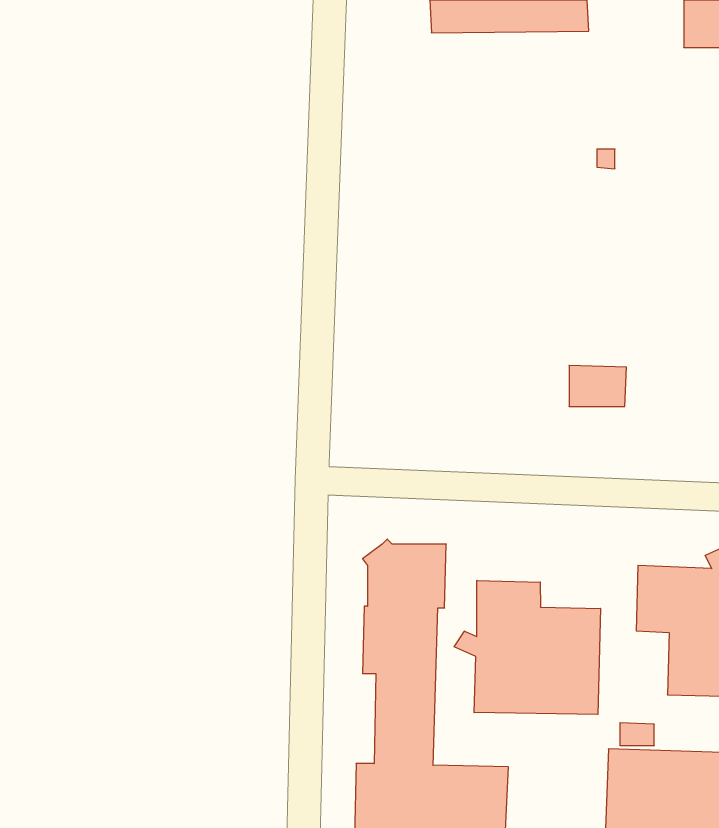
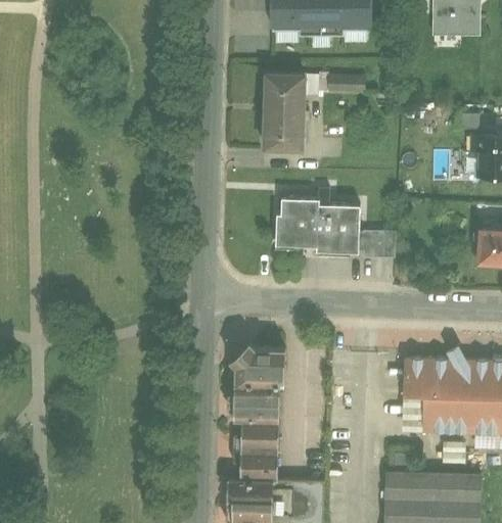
building: none -> [262,67,365,148]
building: none -> [274,196,357,254]
building: [454,580,601,714] -> none

